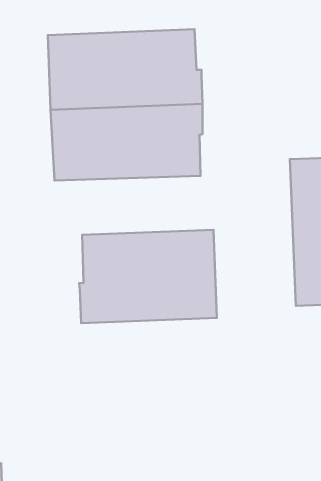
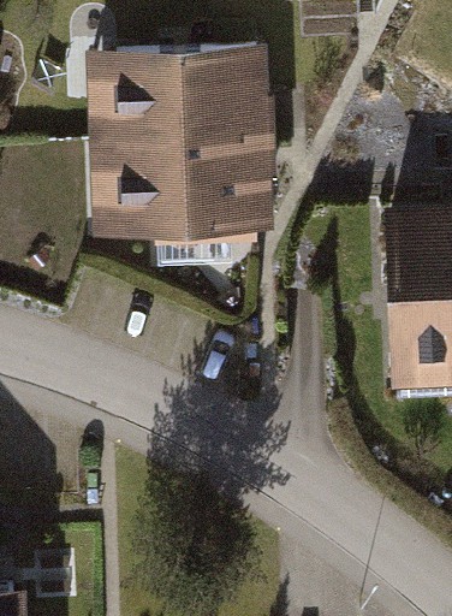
building: [79,230,217,323] -> none

